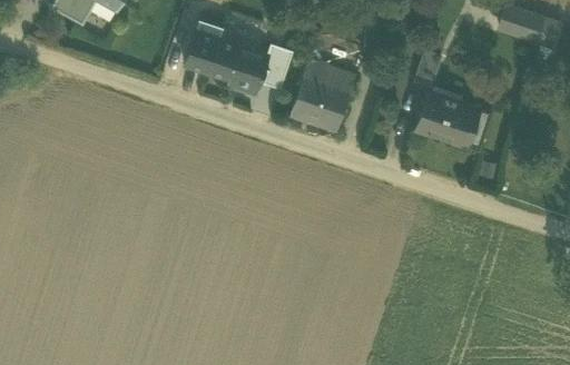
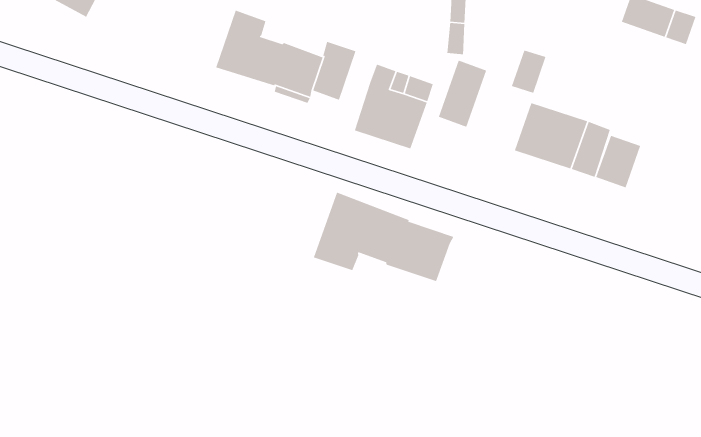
building: none -> [438,60,487,128]
building: none -> [595,135,641,188]
building: none -> [313,191,454,283]

